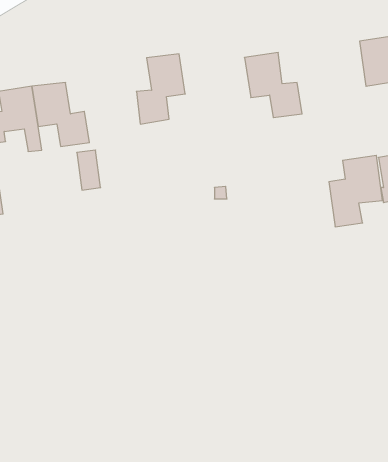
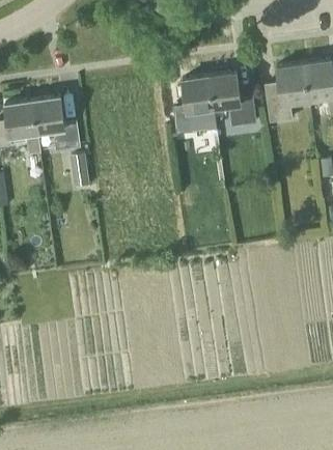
building: [136,54,185,124] -> [173,77,214,135]
building: [329,155,383,227] -> [265,63,309,122]

